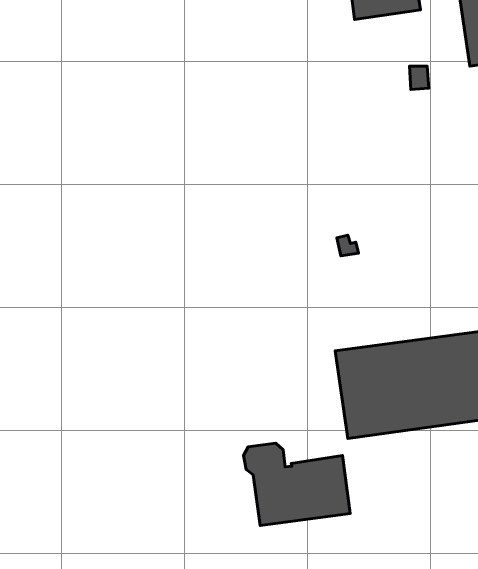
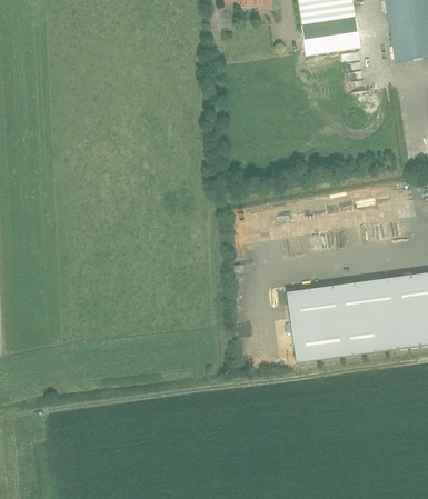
building: none -> [301,16,359,50]
building: [244,443,350,526] -> none

